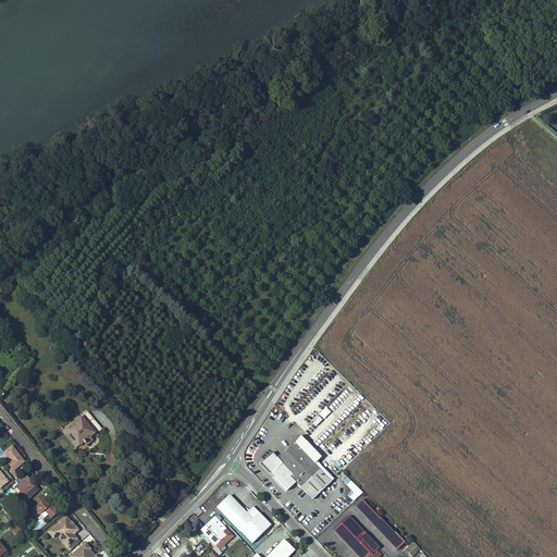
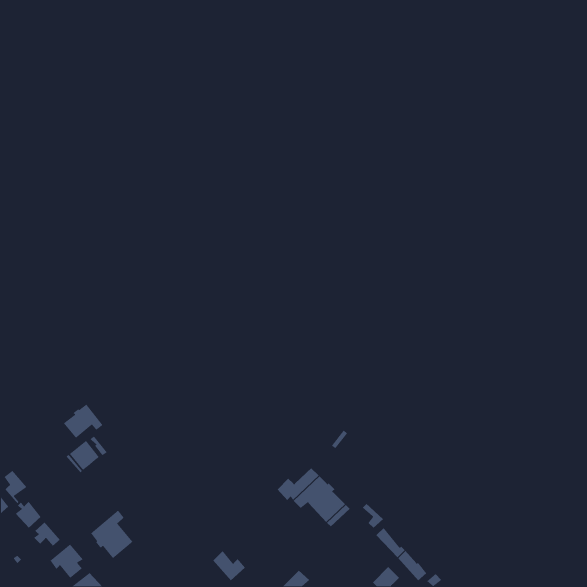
building: none -> [63,404,104,439]
building: none -> [90,510,133,559]
building: [218,496,272,544] -> none
building: [334,516,368,552] -> none

